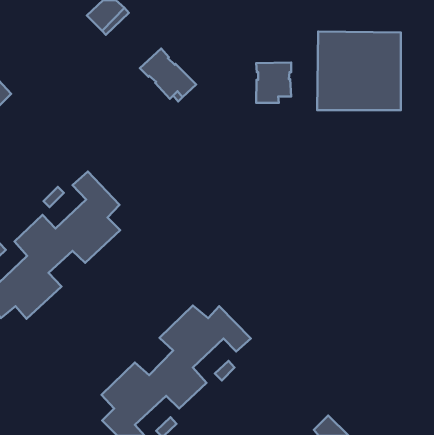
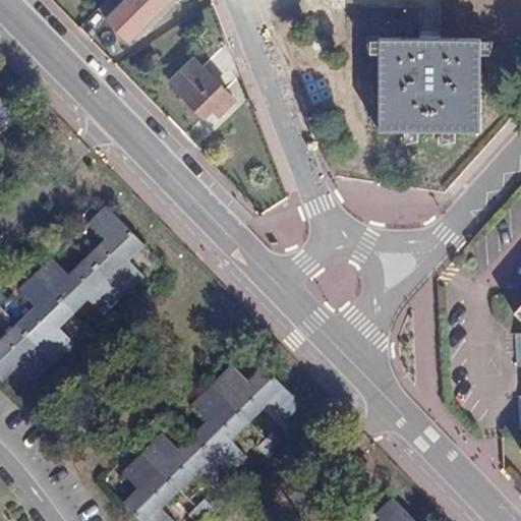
building: [256,63,291,103] -> none

